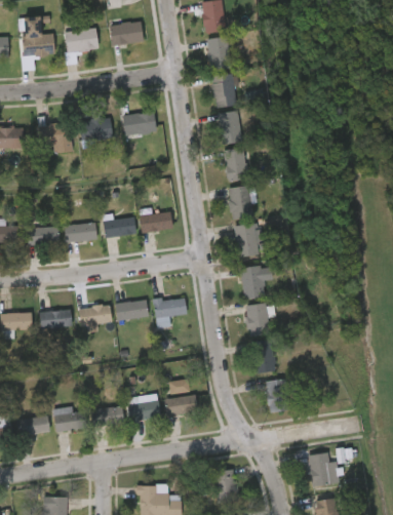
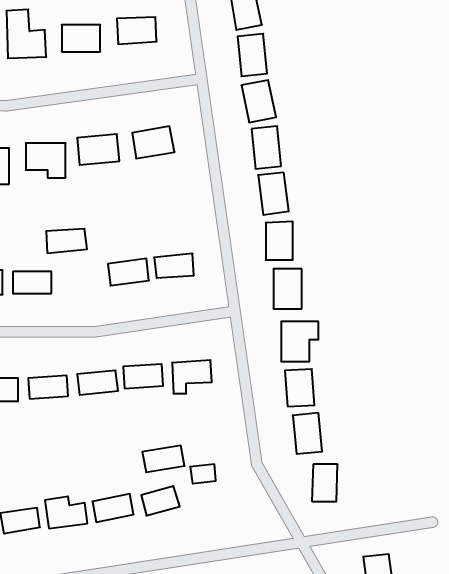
building: [65,223,97,242] -> [46,229,87,253]
building: [164,394,198,415] -> [142,445,185,472]

